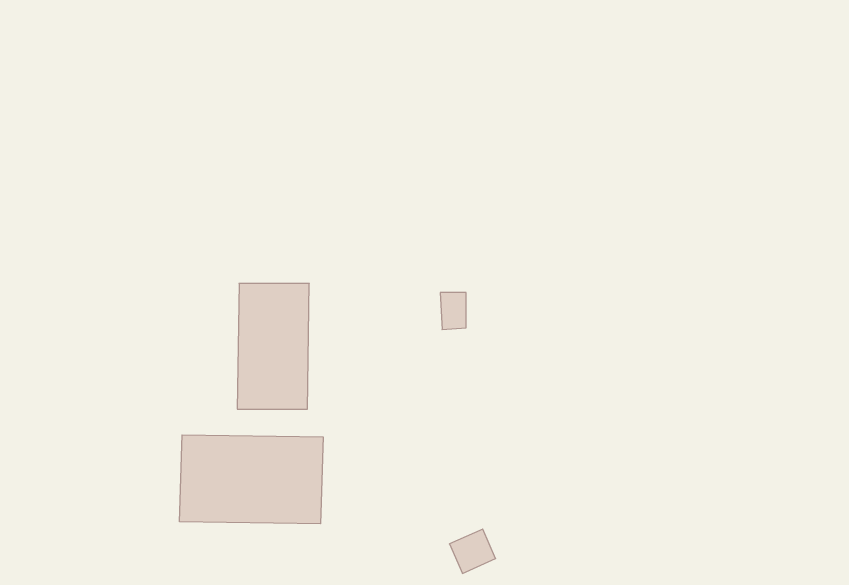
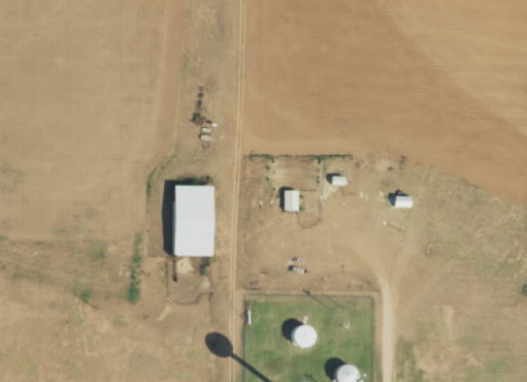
building: [180,435,323,524] -> none

